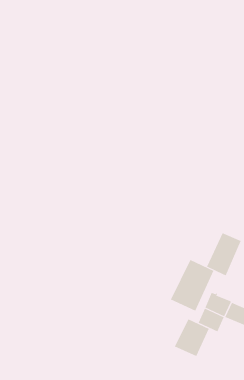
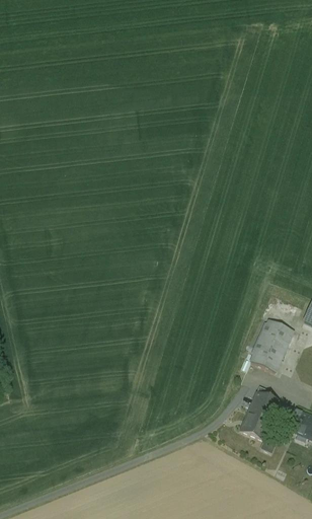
building: [170,259,214,311] -> none
building: [174,318,209,357] -> none

